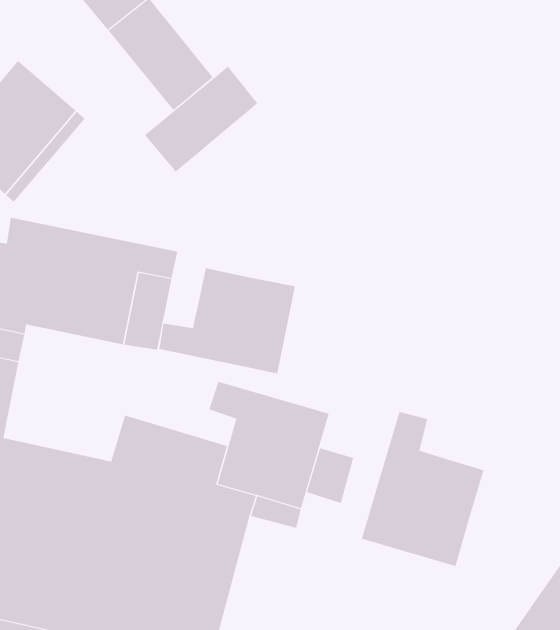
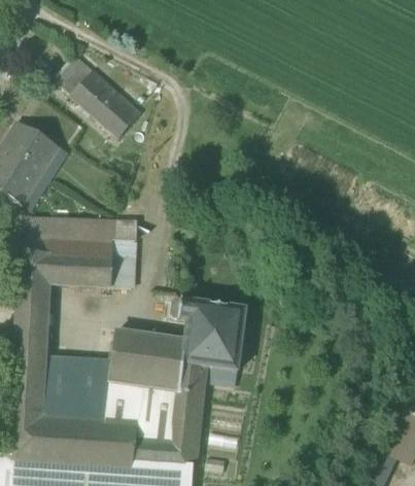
building: [144,66,258,173] -> none
building: [159,267,296,374] -> none
building: [361,411,484,567] -> none
building: [306,447,354,504] -> none

